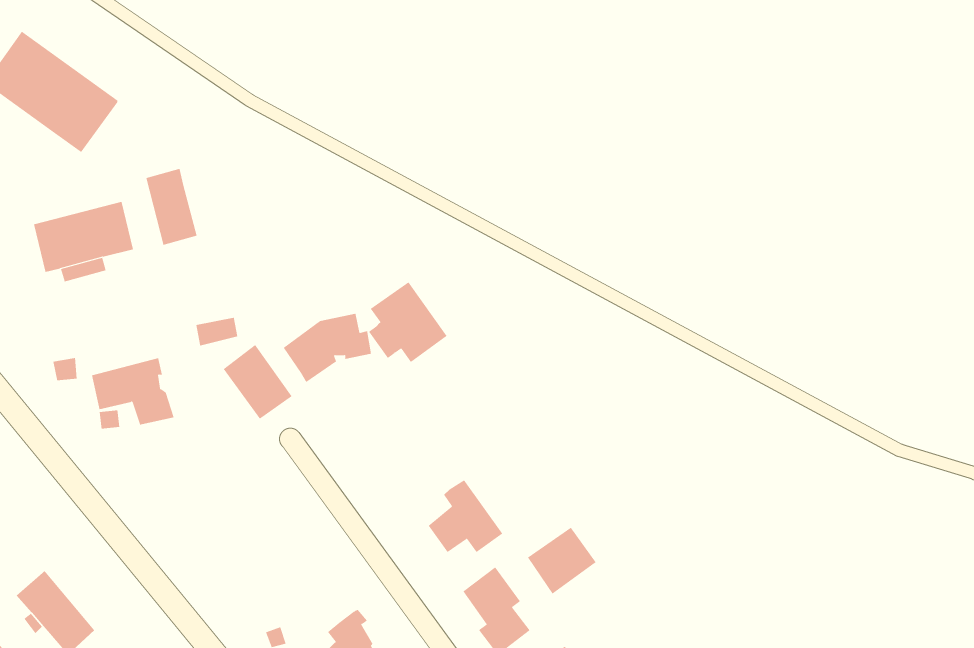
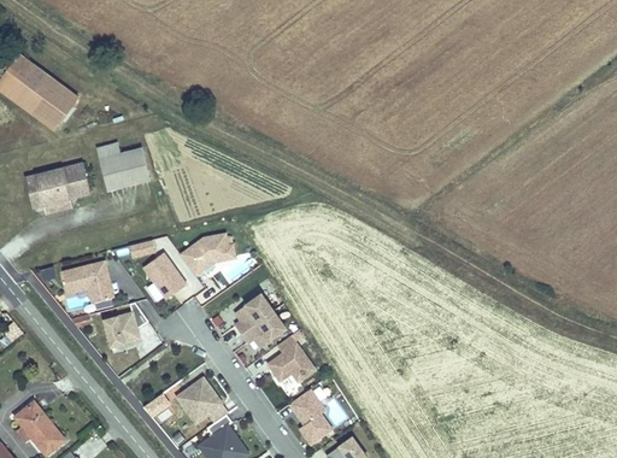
building: none -> [118,147,147,184]
building: [368,282,447,363] -> [237,294,287,345]
building: none -> [102,303,146,347]
building: [527,527,597,595] -> none
building: none -> [184,380,229,427]

